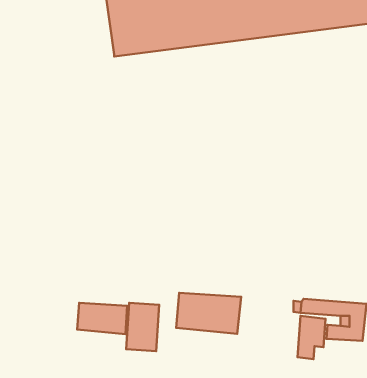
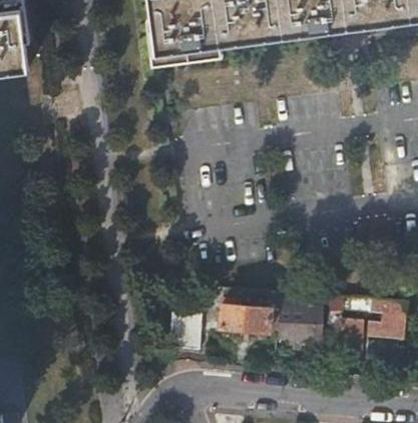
building: none -> [277,298,328,348]
building: [77,303,127,334] -> none

